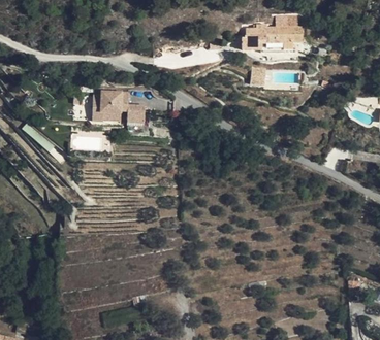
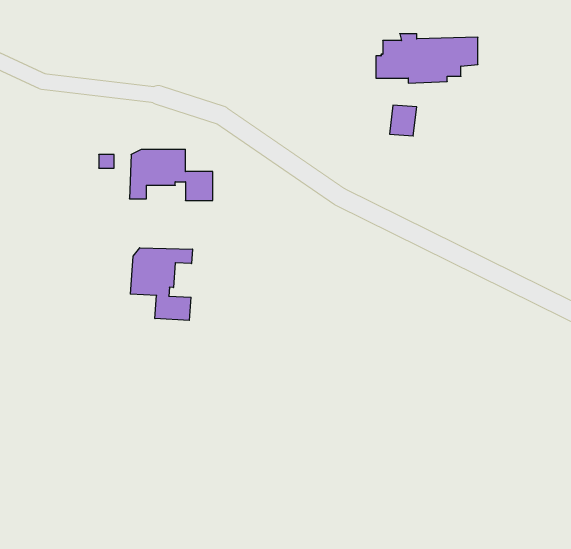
building: none -> [130,248,192,320]

